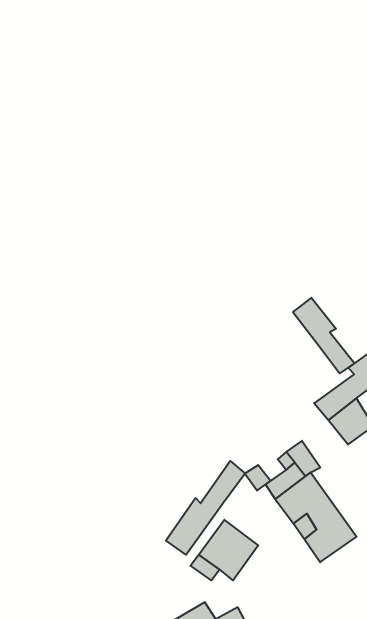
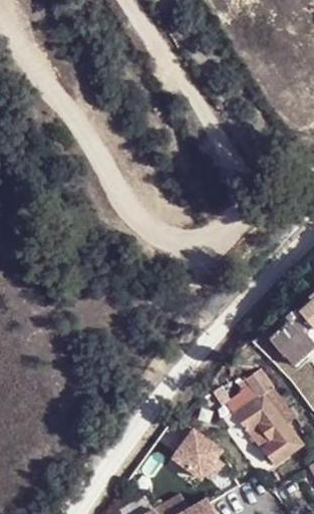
building: [293,298,355,373] -> none
building: [166,461,245,555] -> none

